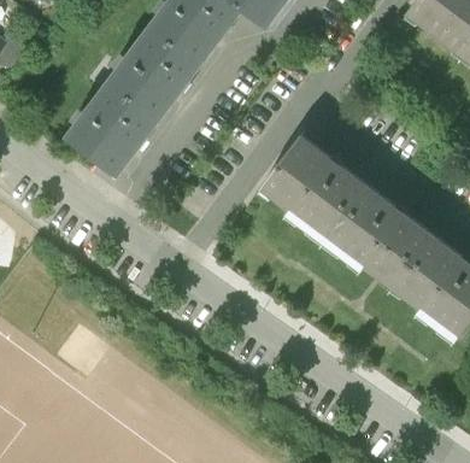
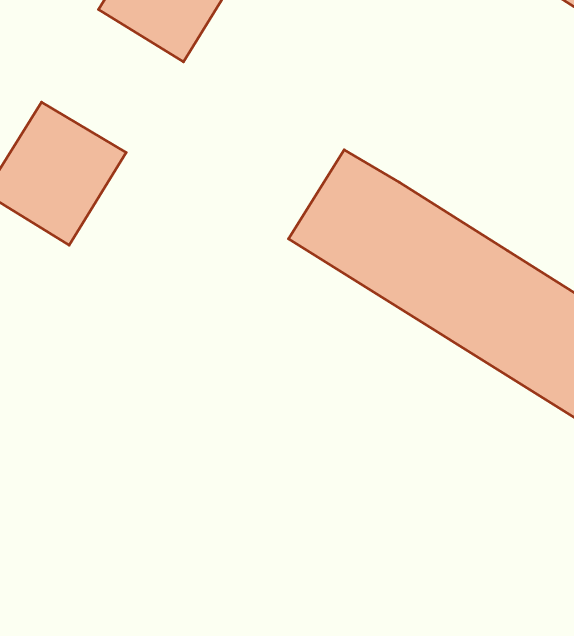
building: [106,27,200,121] -> none

